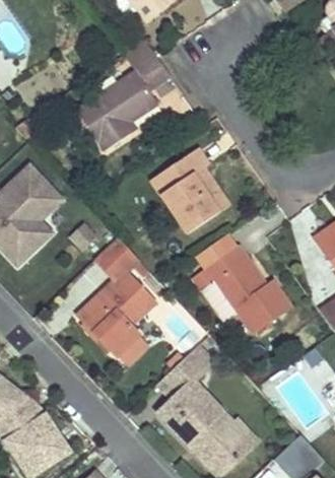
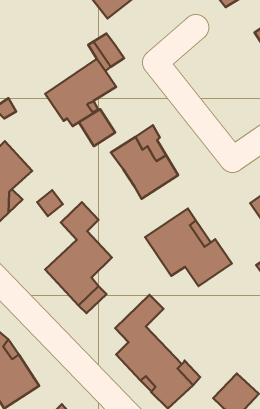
building: none -> [79,109,115,146]

